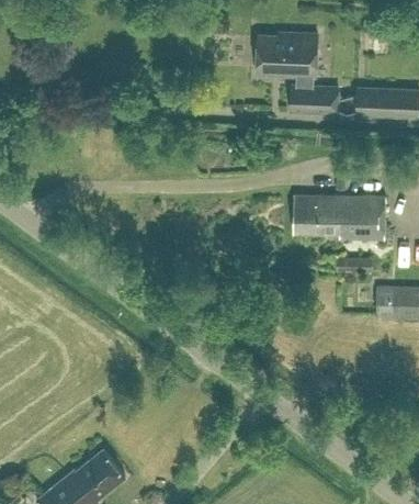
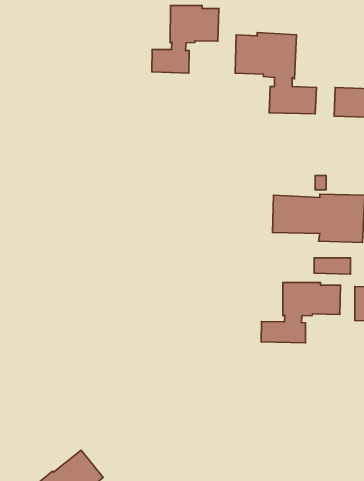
building: none -> [152,6,219,73]
building: none -> [261,282,340,343]

